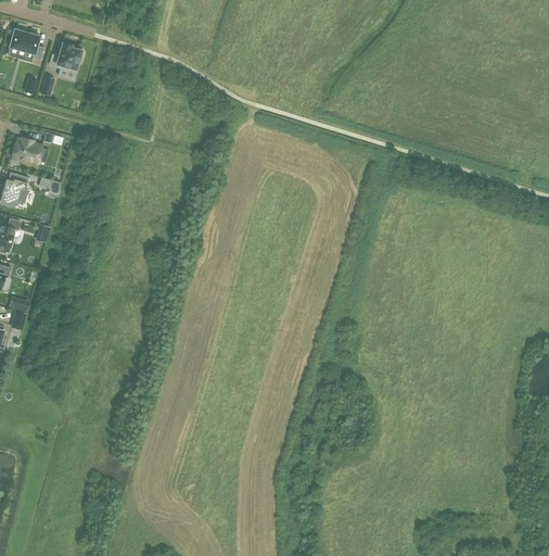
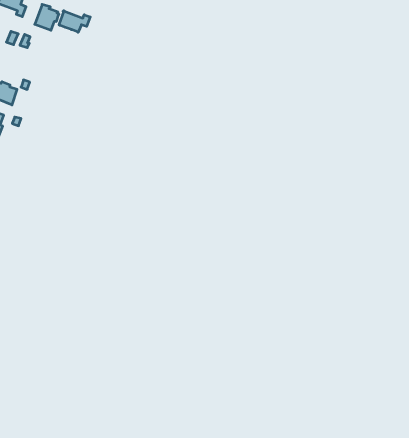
building: none -> [59,11,90,32]

